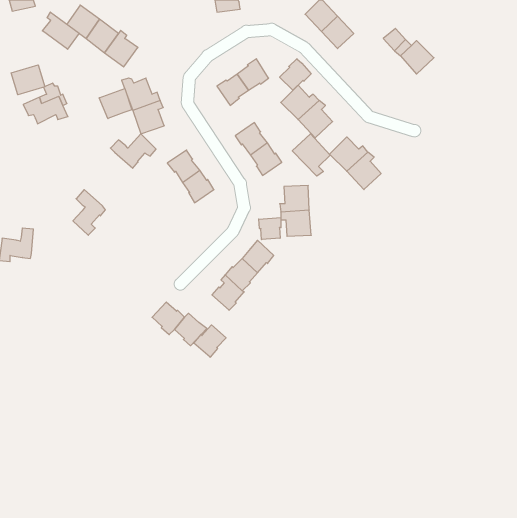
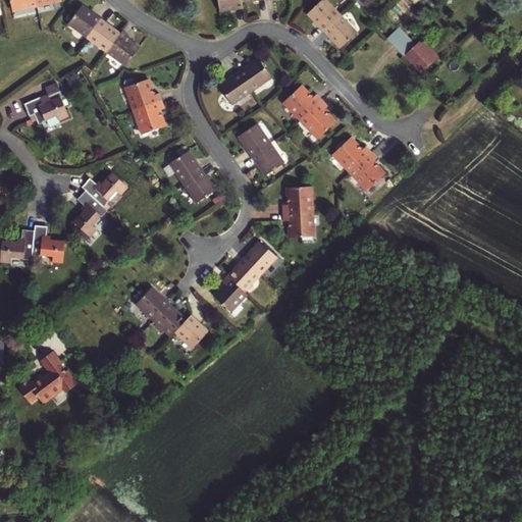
building: [42,12,79,49] -> none
building: [280,59,311,90] -> none
building: [11,65,45,95] -> none
building: [99,88,132,119] -> none
building: [110,134,156,168] -> [81,172,126,207]
building: [292,134,330,176] -> none
building: [259,218,281,240] -> none
building: none -> [32,225,64,263]
building: none -> [135,286,167,319]
building: [194,325,226,357] -> none
building: none -> [17,350,75,402]

